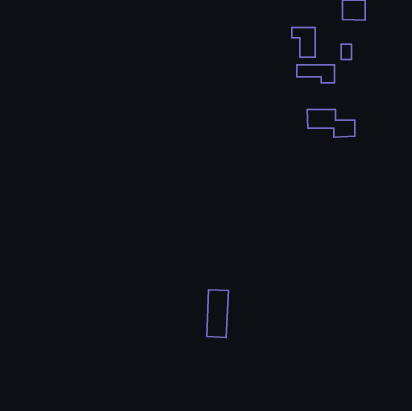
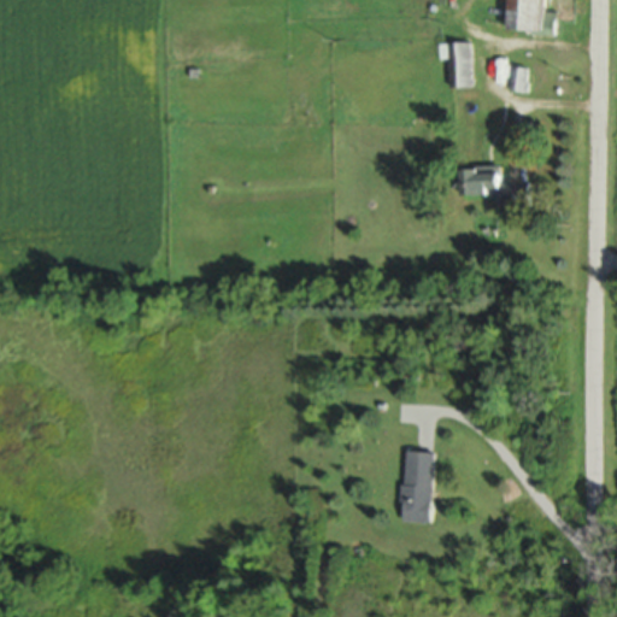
building: [297,65,334,83] -> none
building: [207,290,229,337] -> [401,451,434,522]

